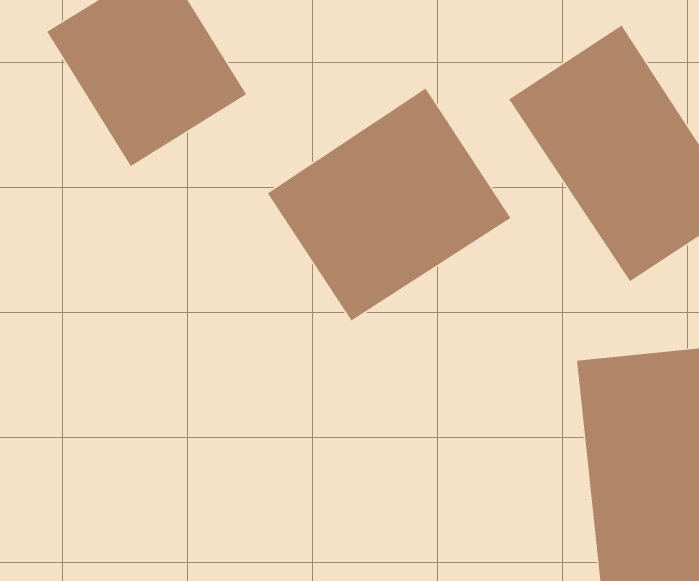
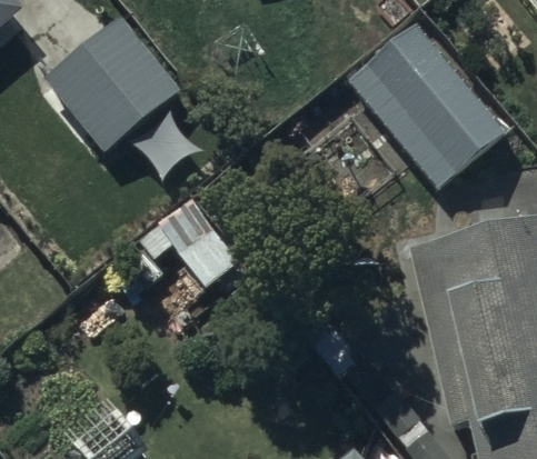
building: [267,87,511,321] -> none

